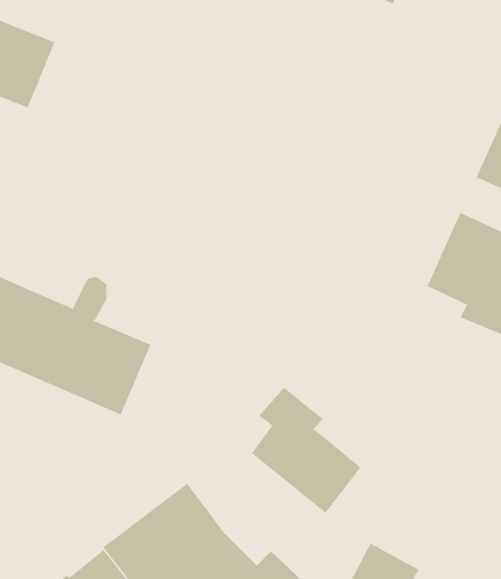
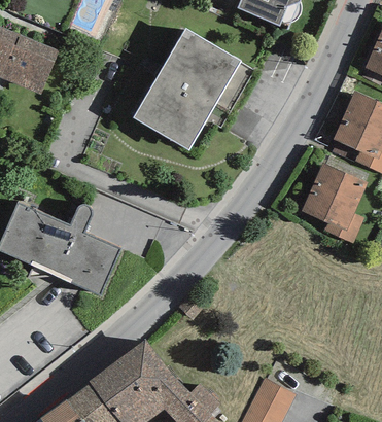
building: none -> [133,29,239,149]
building: [251,387,361,514] -> none

